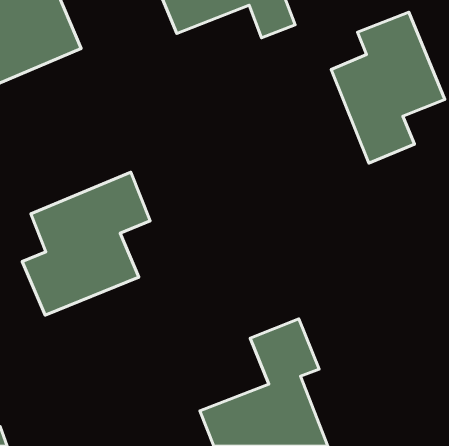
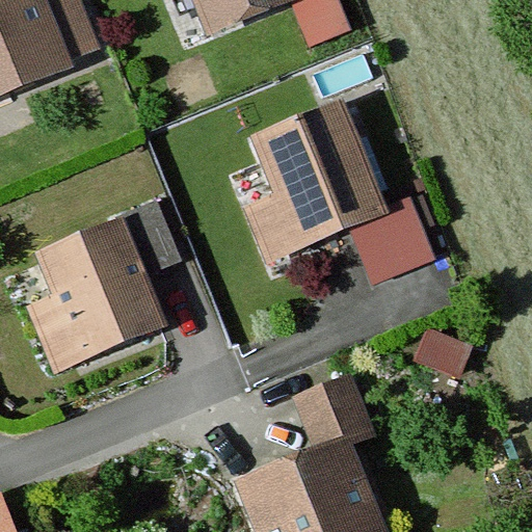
building: [331,12,445,163] -> none
building: none -> [244,97,432,281]

